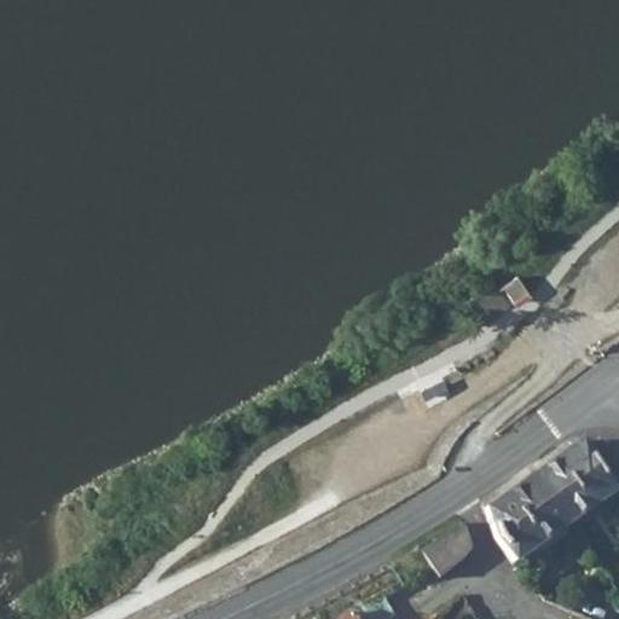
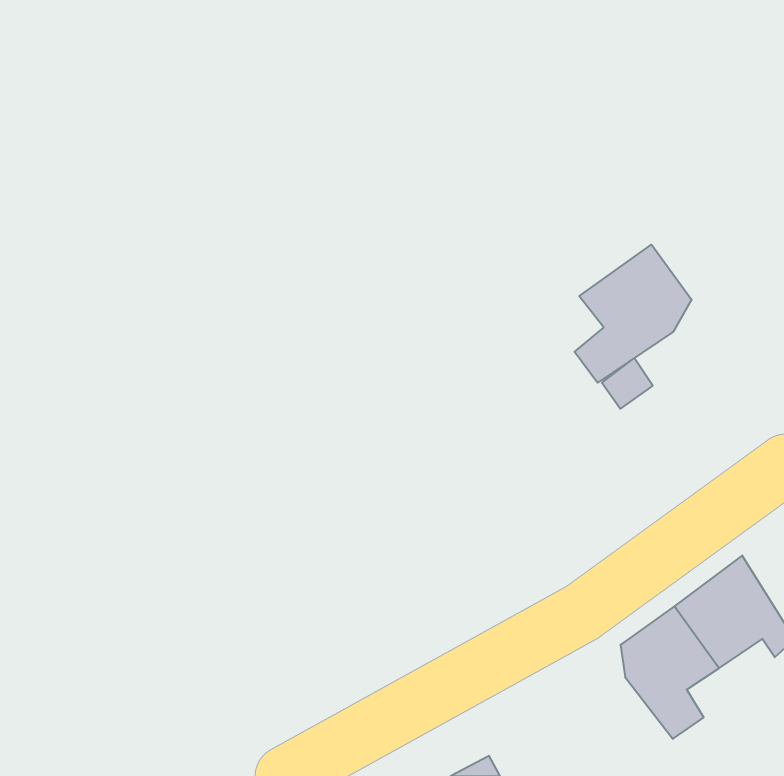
building: none -> [575,245,692,383]
building: [428,520,473,573] -> none

